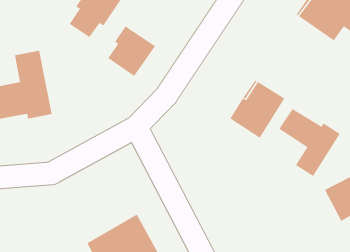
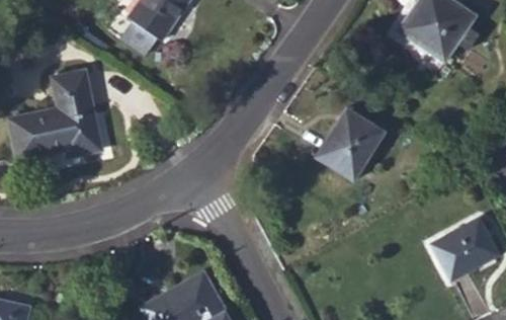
building: [107,25,156,77] -> none
building: [278,108,341,177] -> none

